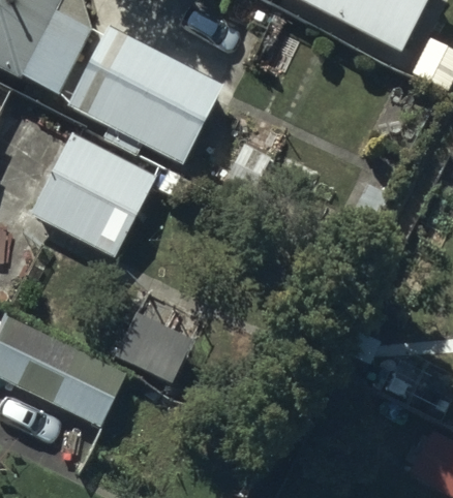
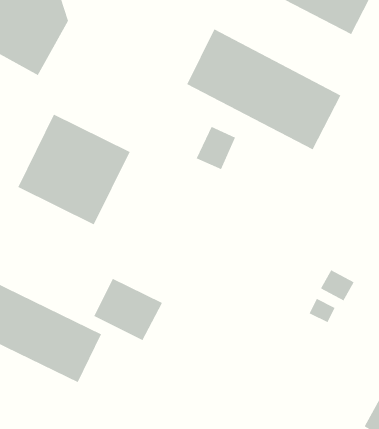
building: [66,27,218,162] -> none
building: none -> [187,29,341,150]

